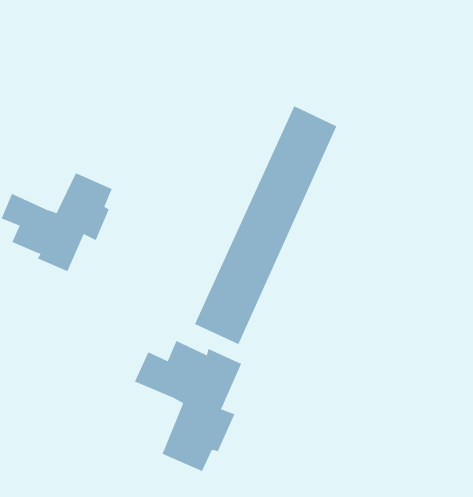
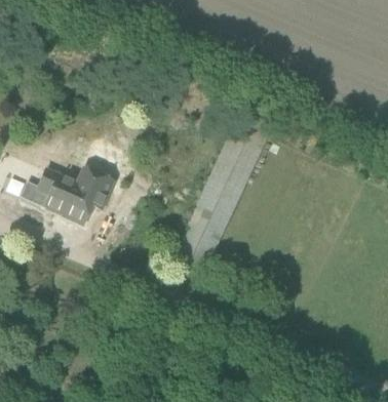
building: [134,340,242,472] -> none

